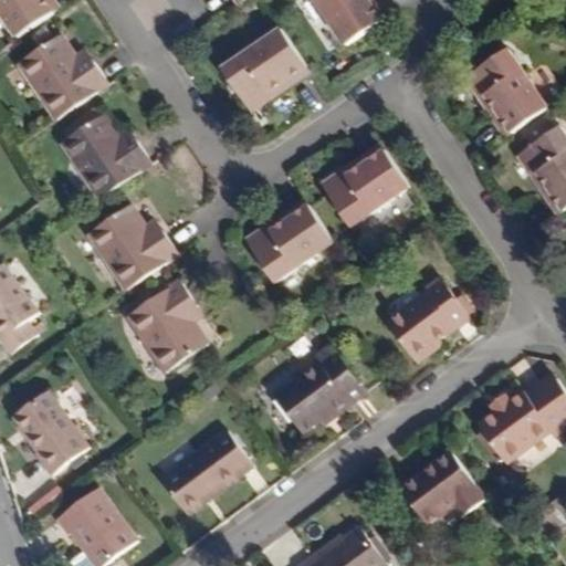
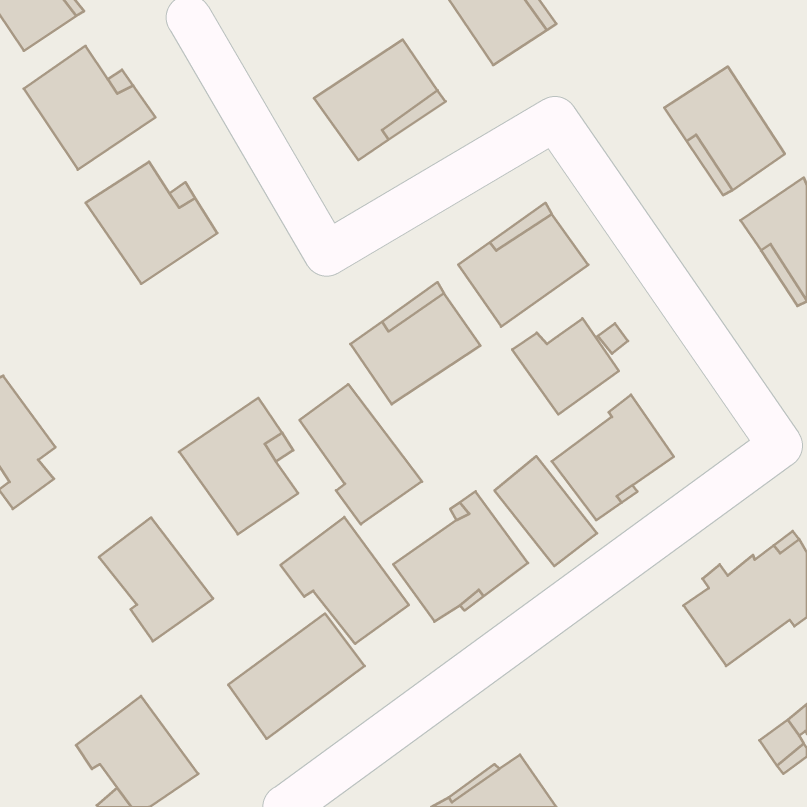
building: [86,203,177,290] -> none
building: none -> [512,318,619,414]
building: none -> [300,384,422,524]
building: none -> [495,456,597,566]
building: none -> [281,517,409,644]
building: [11,389,91,475] -> [99,518,213,641]
building: [398,448,488,527] -> none

